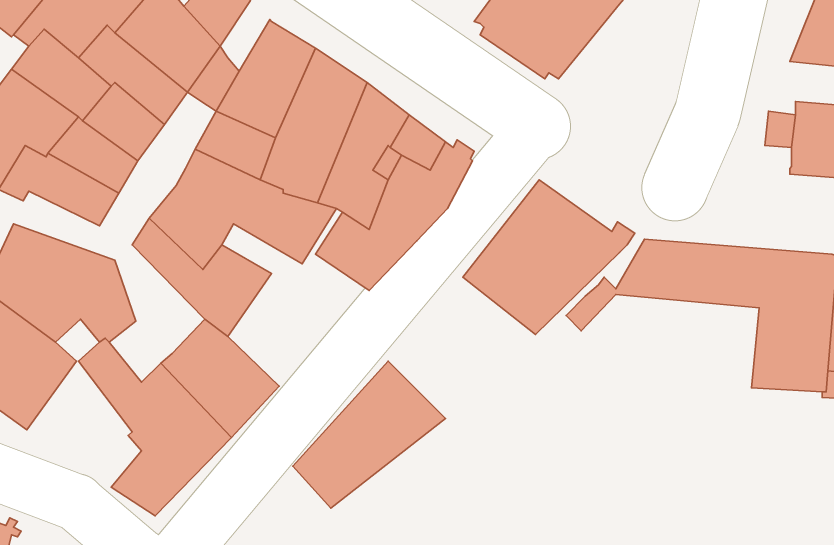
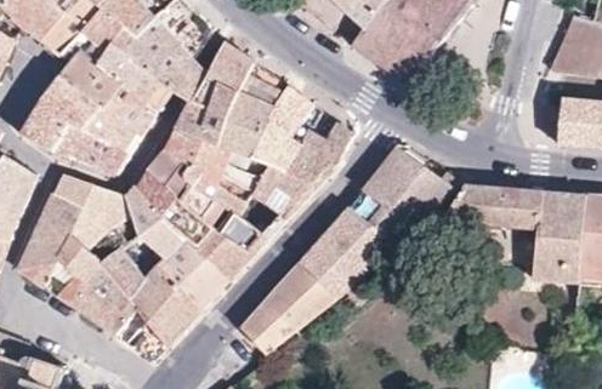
building: none -> [126,184,183,256]
building: none -> [198,205,267,276]
building: none -> [300,207,393,297]
building: none -> [70,261,137,333]

